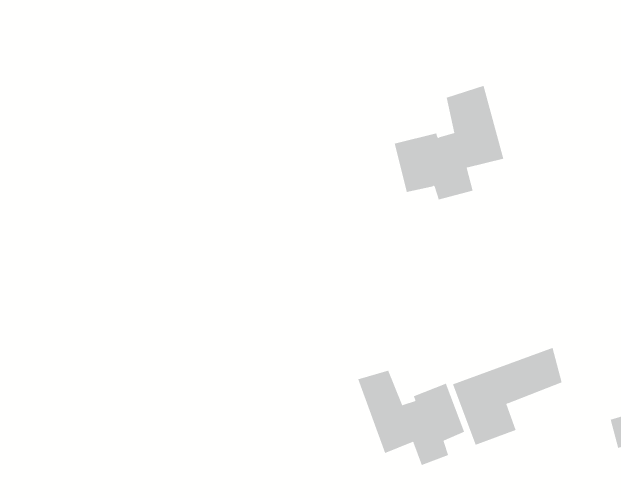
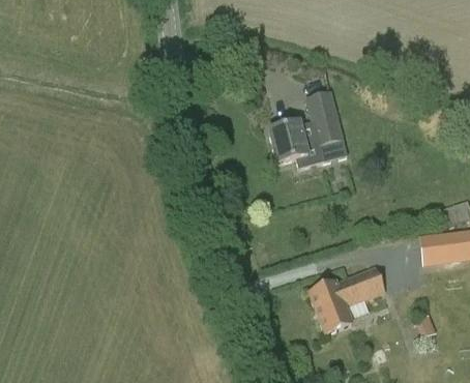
building: [358,370,465,466] -> none

